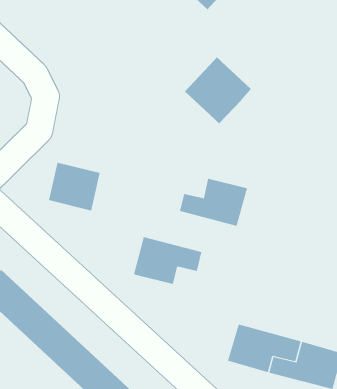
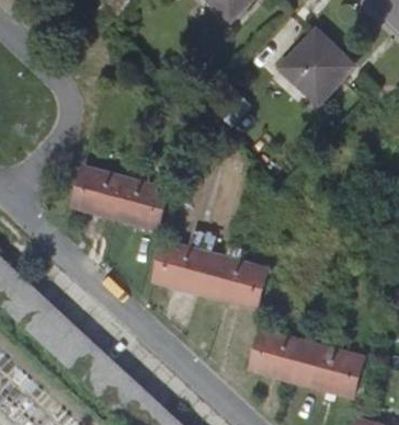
building: [184,56,252,124] -> [283,31,351,99]
building: none -> [114,180,164,229]
building: [179,178,248,226] -> [196,259,265,307]

